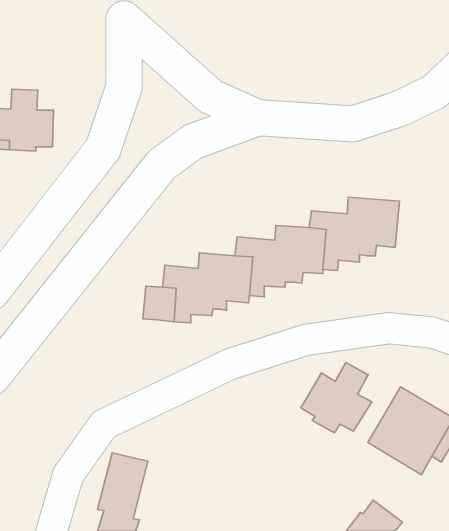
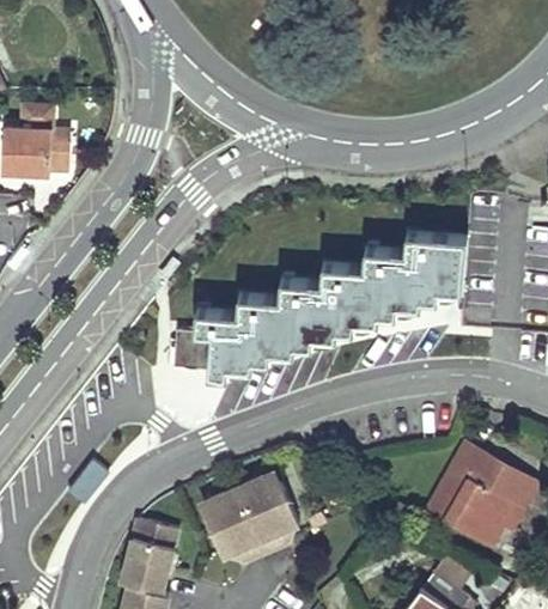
building: [301,362,372,433] -> none
building: none -> [206,476,300,561]

